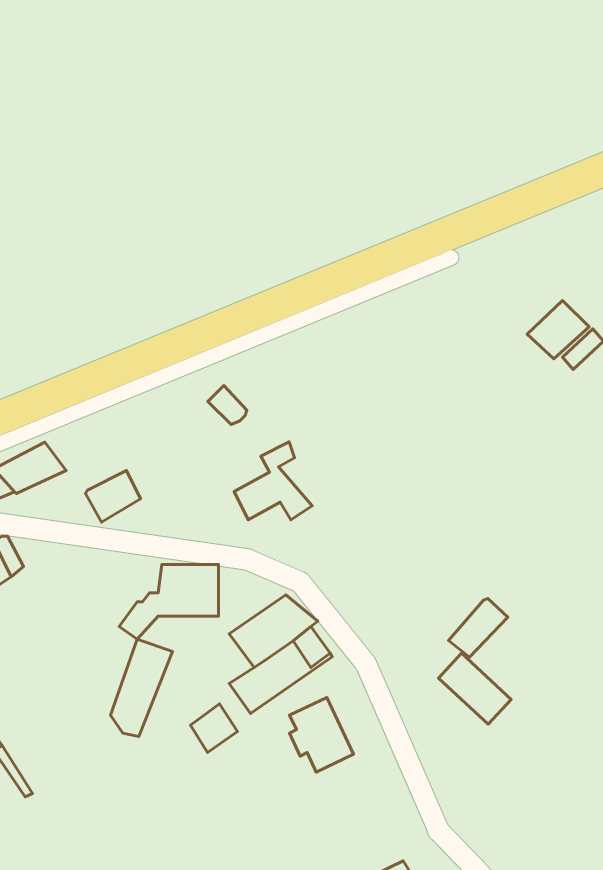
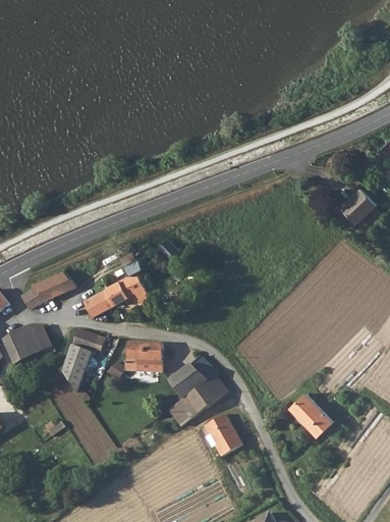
building: [234,442,312,520] -> [109,258,154,303]
building: [449,598,508,657] -> none
building: [110,639,172,737] -> [63,329,99,385]
building: [191,704,238,752] -> none

